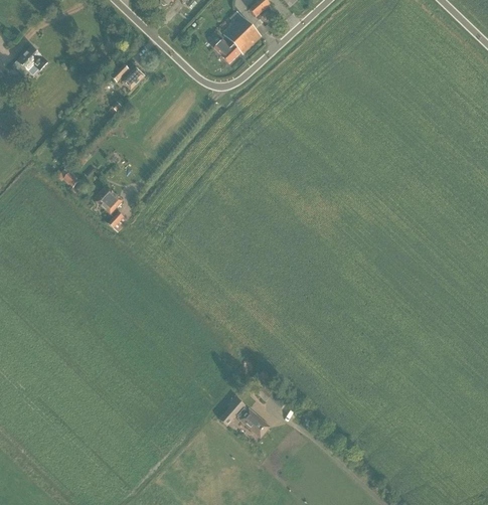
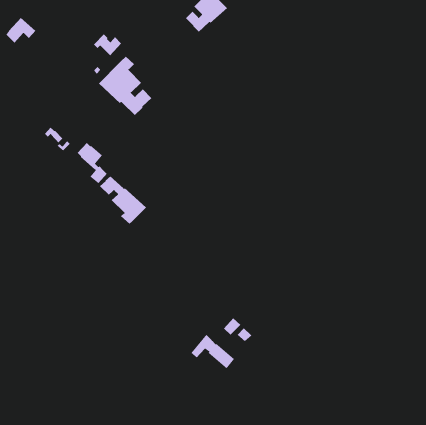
building: none -> [98,56,152,116]
building: none -> [99,175,147,225]

